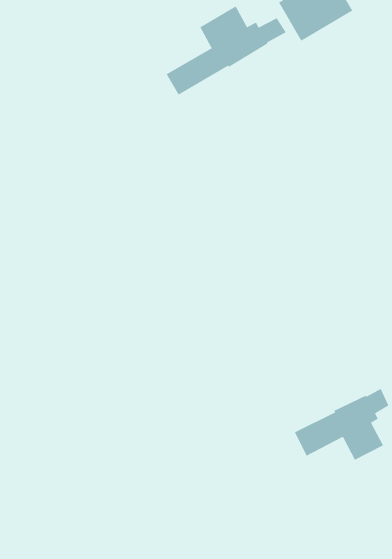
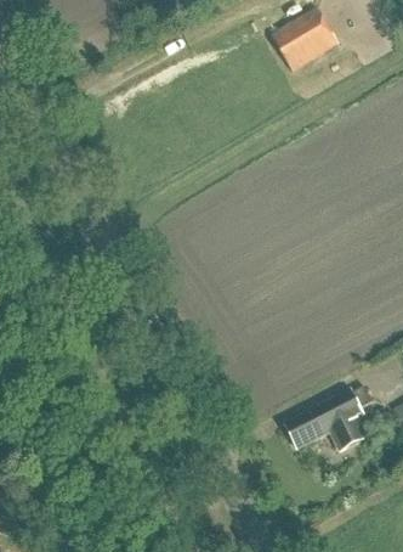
building: [166,5,286,96] -> none

